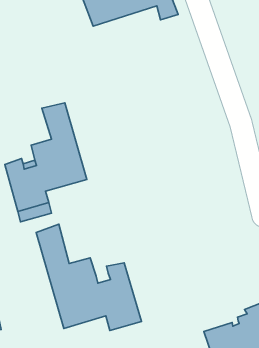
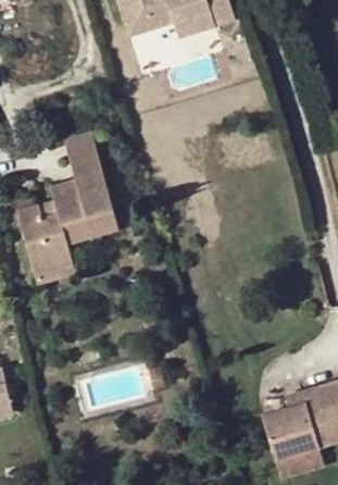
building: [36,224,141,330] -> none

